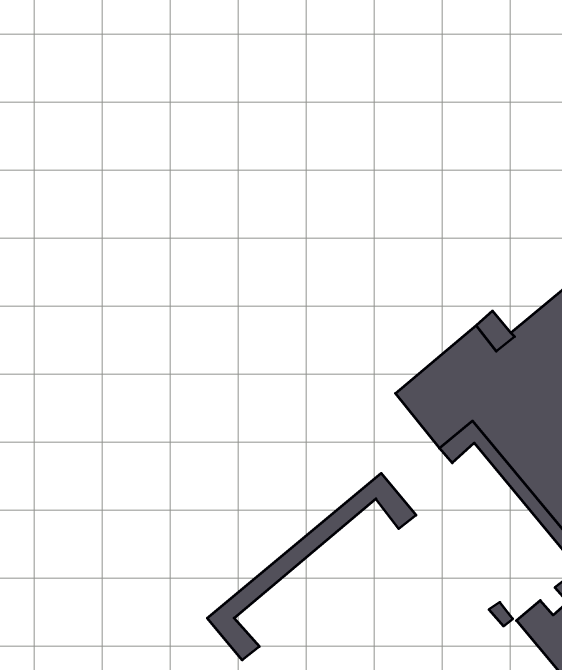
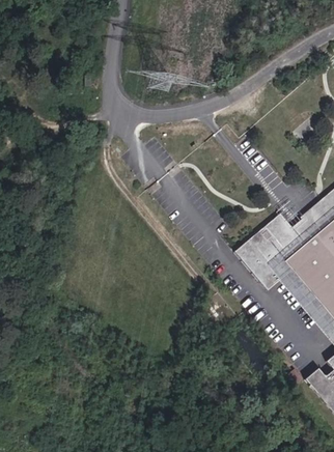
building: [207,473,416,660] -> none

